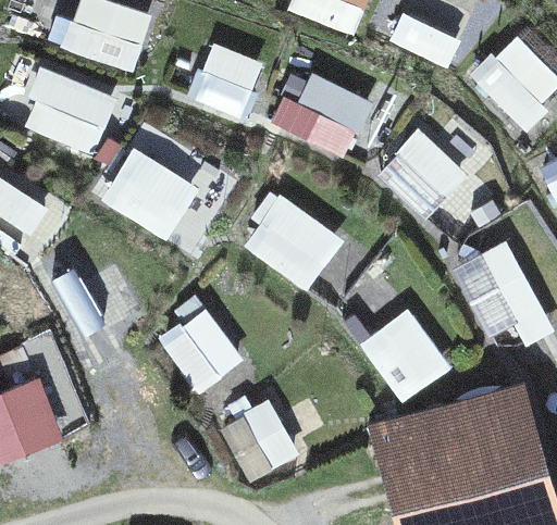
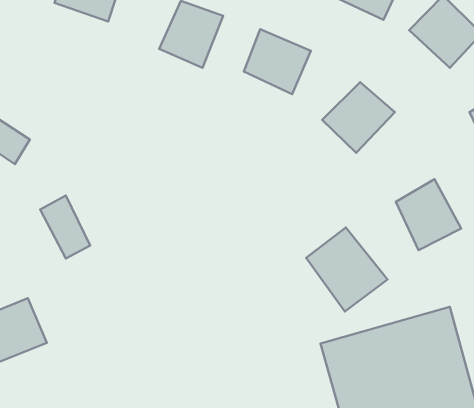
building: [28,76,110,152] -> none
building: [100,147,197,238] -> none
building: [243,193,339,285] -> none
building: [154,299,248,396] -> none
building: [218,392,305,488] -> none

